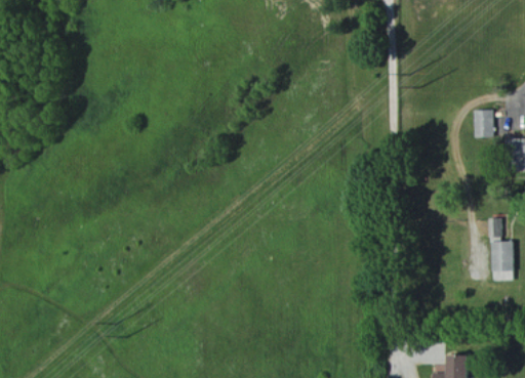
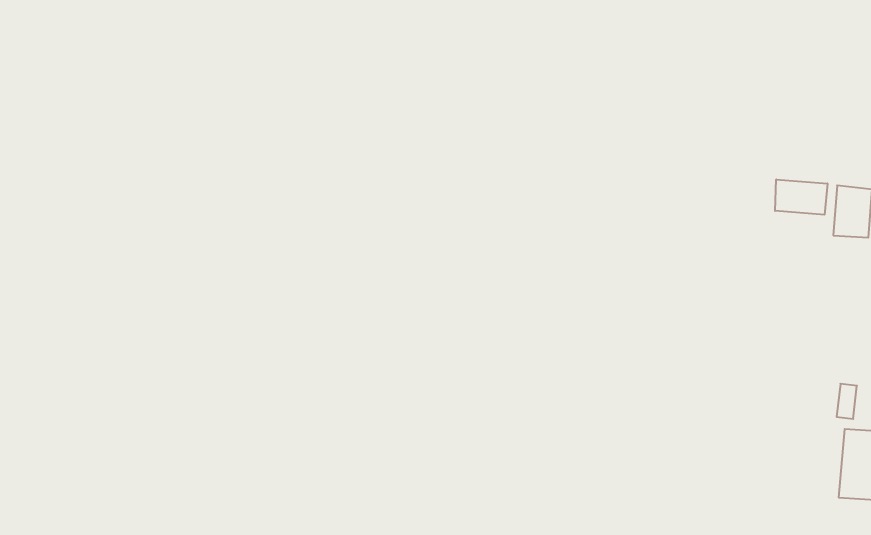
building: none -> [775,179,827,215]

